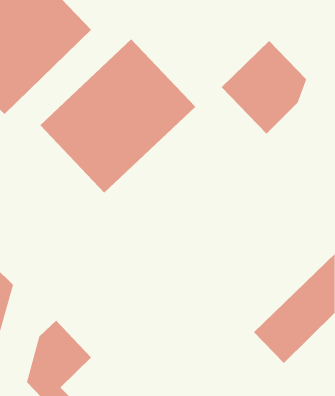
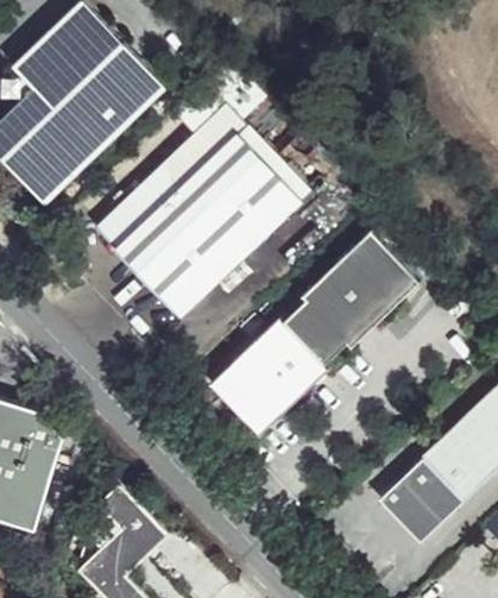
building: [221,40,307,135] -> none
building: none -> [213,231,422,434]

